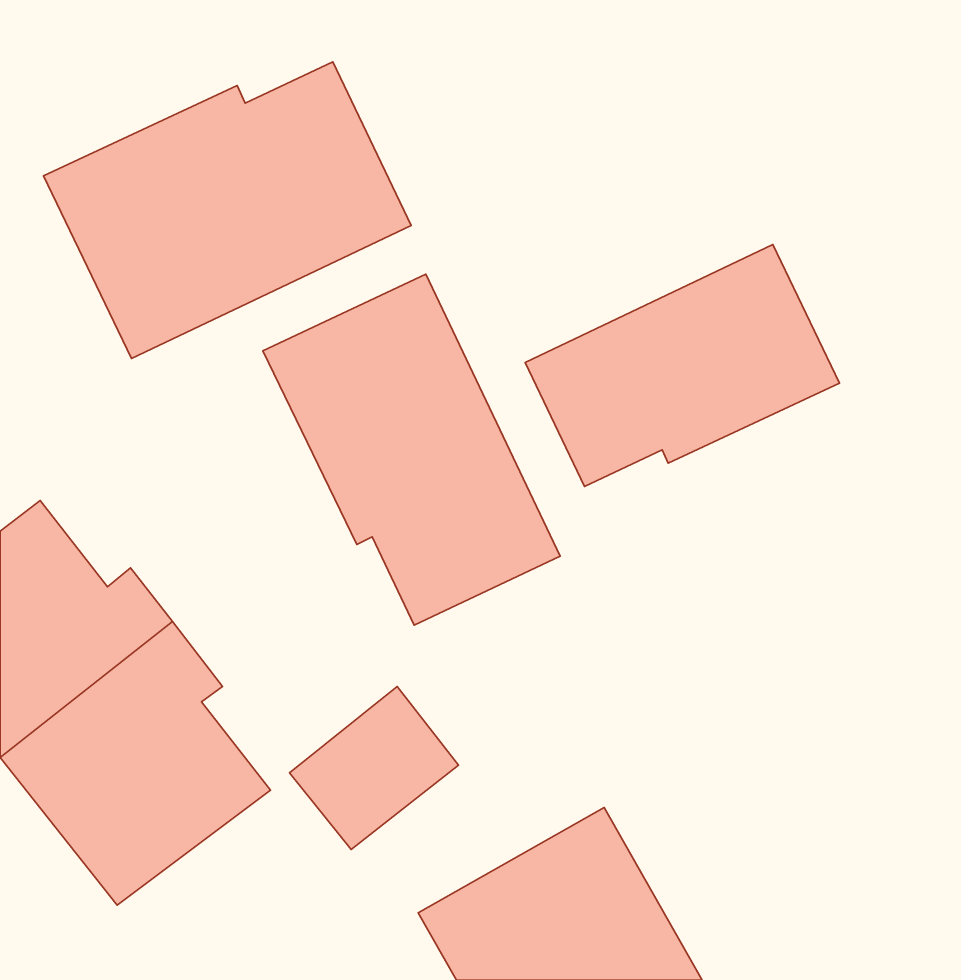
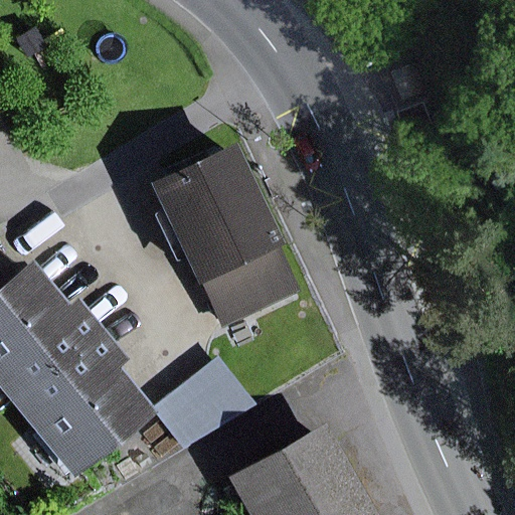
building: [44,62,411,359] -> none
building: [525,245,840,487] -> none

